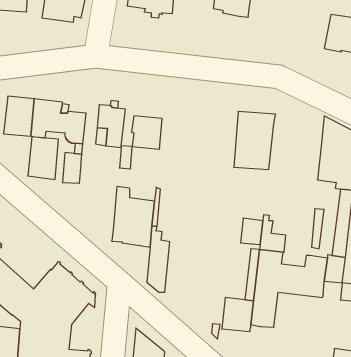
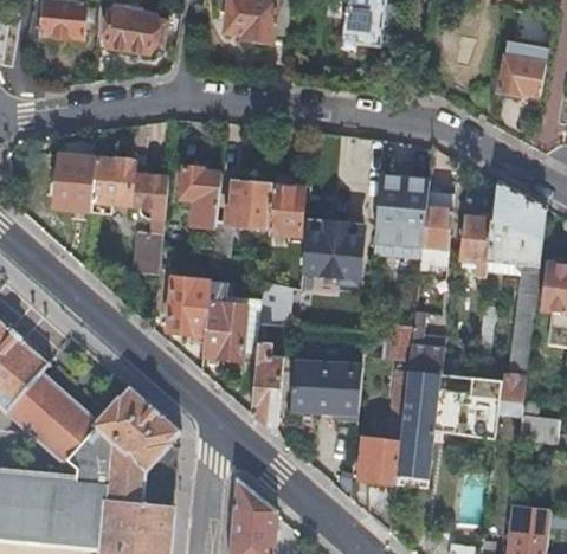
building: none -> [269,175,303,234]
building: none -> [419,193,453,270]
building: [28,137,58,179] -> [167,277,210,336]
building: none -> [463,218,494,276]
building: none -> [302,223,362,285]
building: none -> [289,363,363,420]

